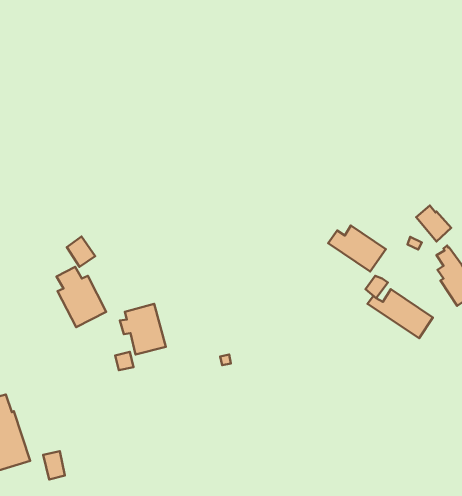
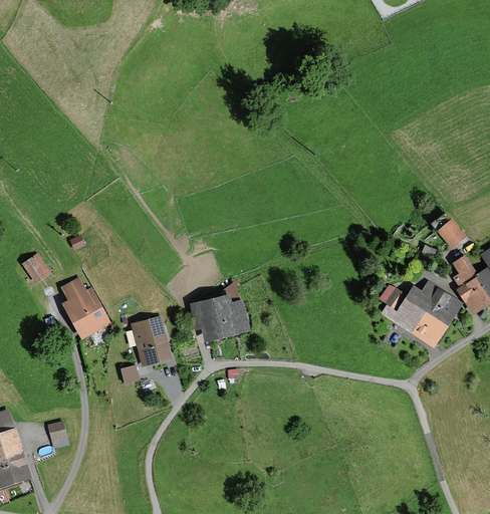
building: [328,226,386,271] -> [405,281,464,328]
building: [67,237,95,267] -> [22,252,51,283]
building: none -> [190,291,251,341]
building: [43,451,65,479] -> [47,420,69,449]

